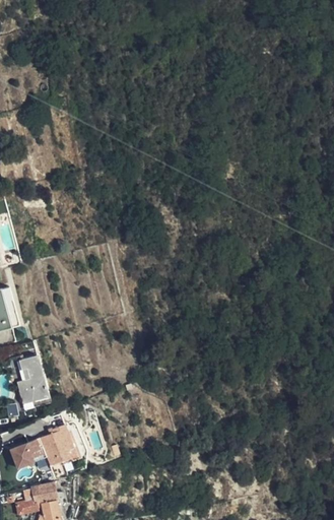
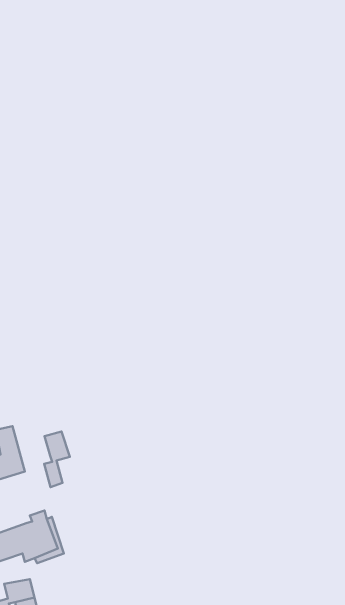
building: none -> [44,432,70,487]

